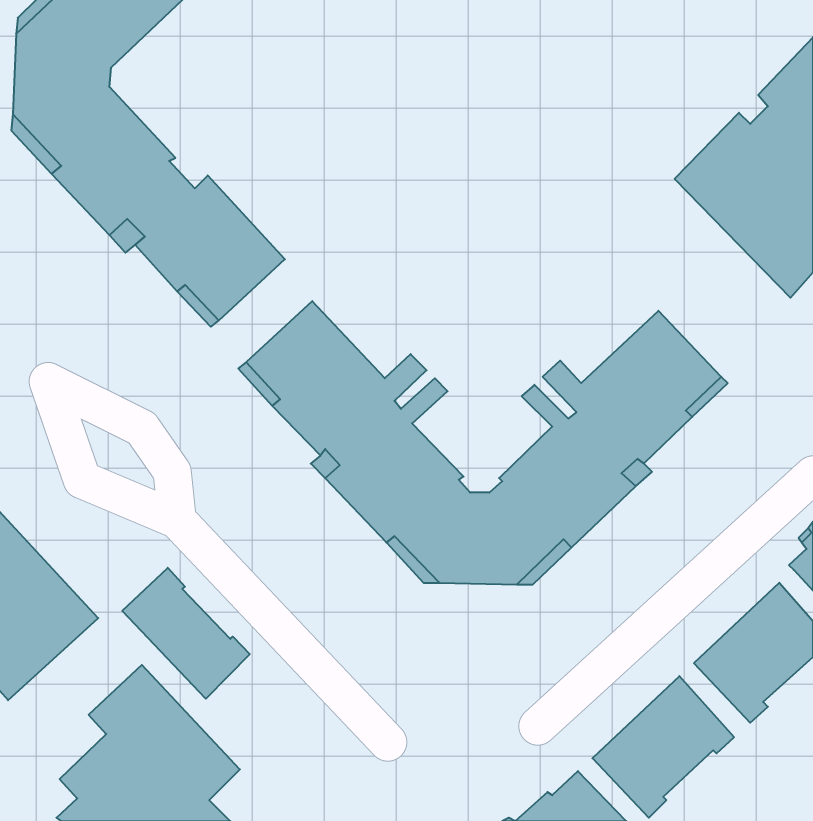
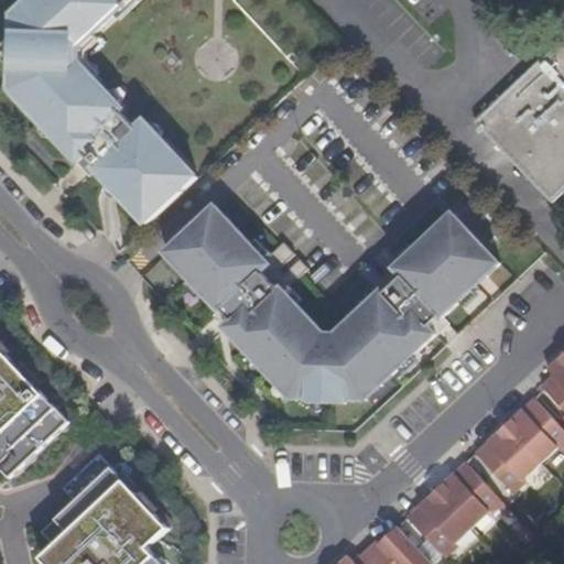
building: [122,568,250,699] -> none

